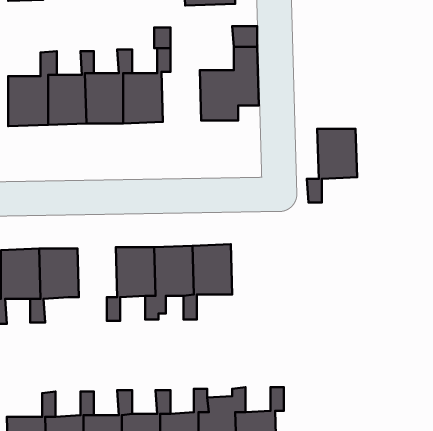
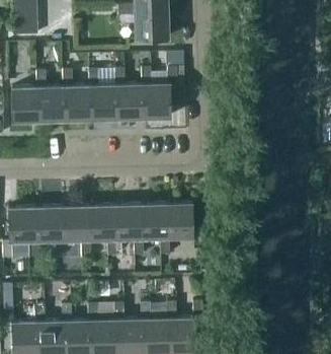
building: none -> [118,68,152,120]
building: [307,129,357,202] -> [159,204,193,255]
building: none -> [55,206,88,258]

